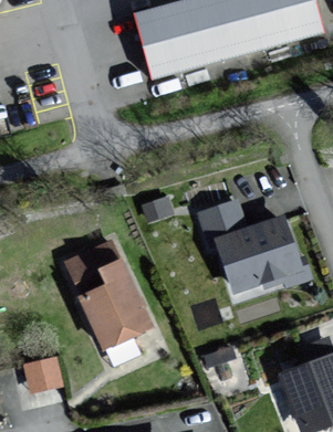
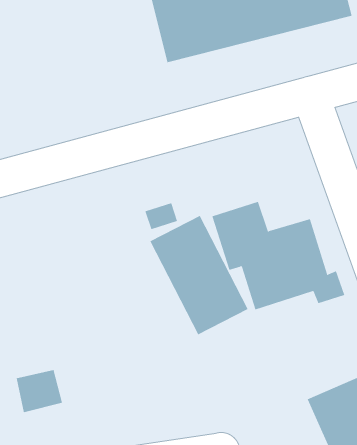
building: [65,241,154,348] -> [149,215,249,335]

